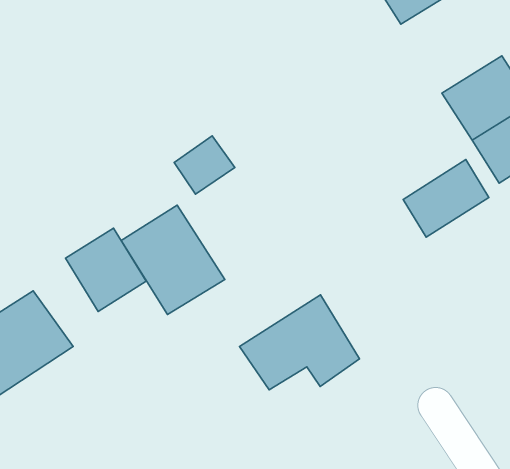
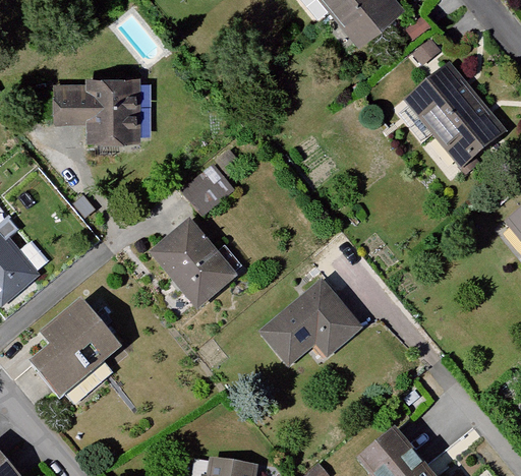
building: none -> [52,71,141,144]
building: [403,160,489,237] -> none
building: [66,228,146,311] -> none

